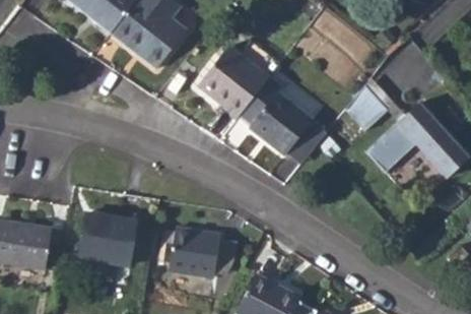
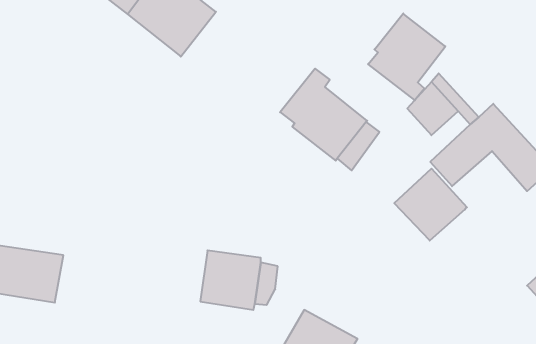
building: none -> [368,13,445,100]
building: [195,43,268,117] -> none
building: none -> [394,169,467,241]
building: [84,215,142,264] -> none

